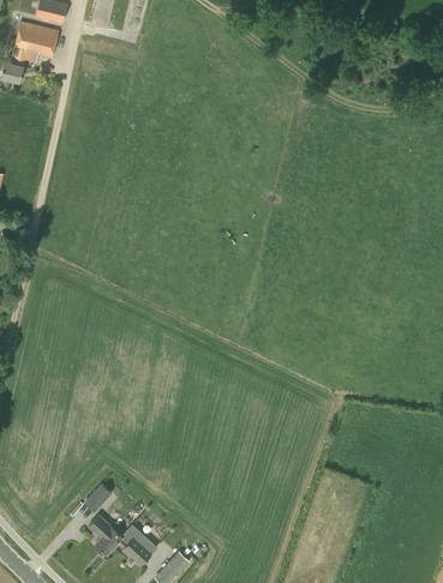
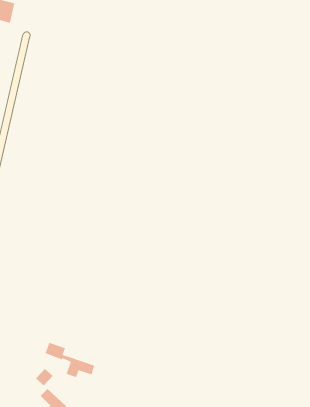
building: none -> [45,342,95,378]

